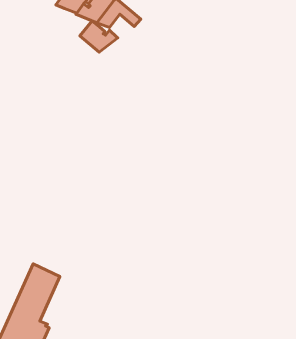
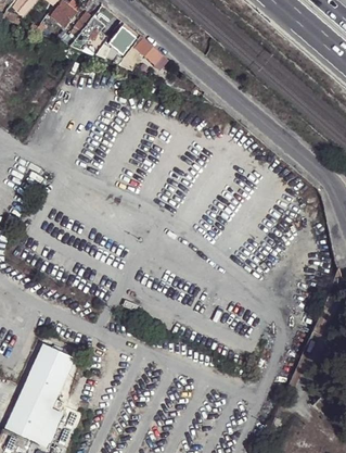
building: [80,21,118,52] -> none

